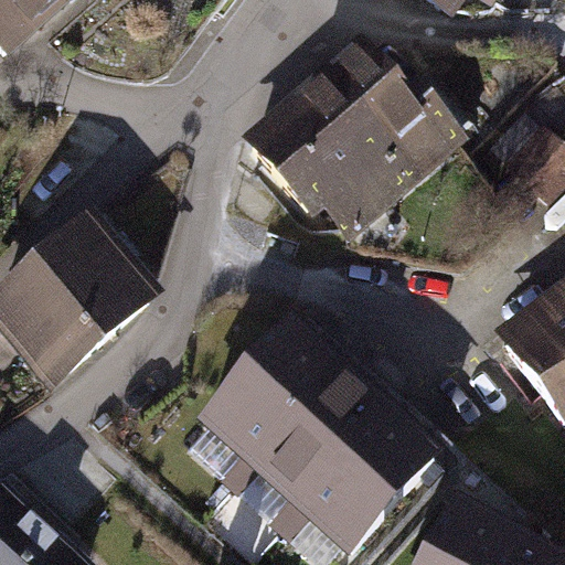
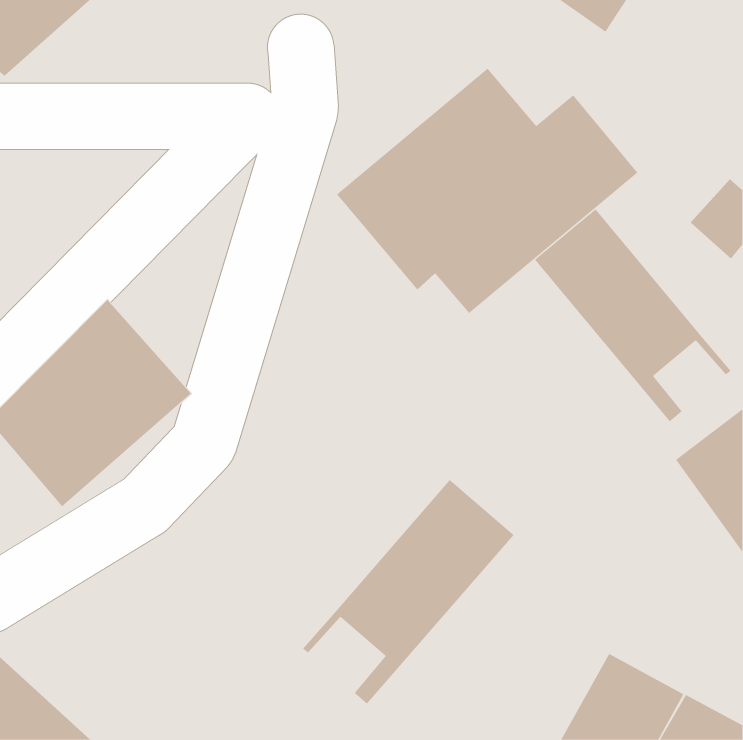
building: none -> [534,209,731,422]
building: [201,317,337,486] -> none
building: [275,401,435,543] -> none

